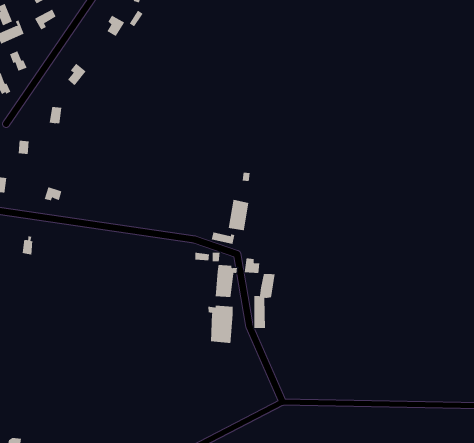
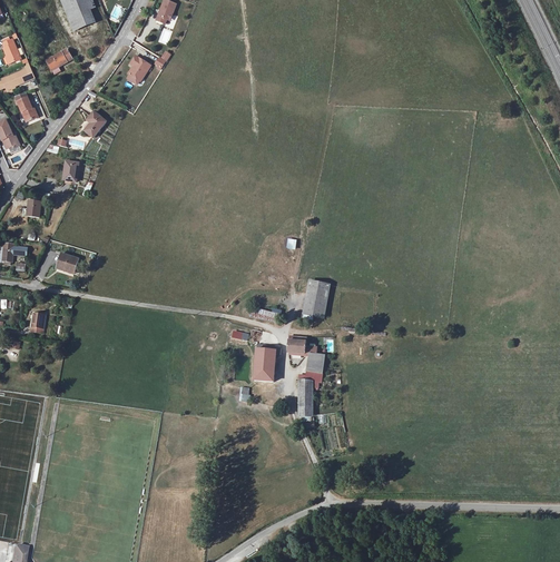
building: [228,199,249,231] -> [304,279,328,316]
building: [208,305,233,344] -> none

